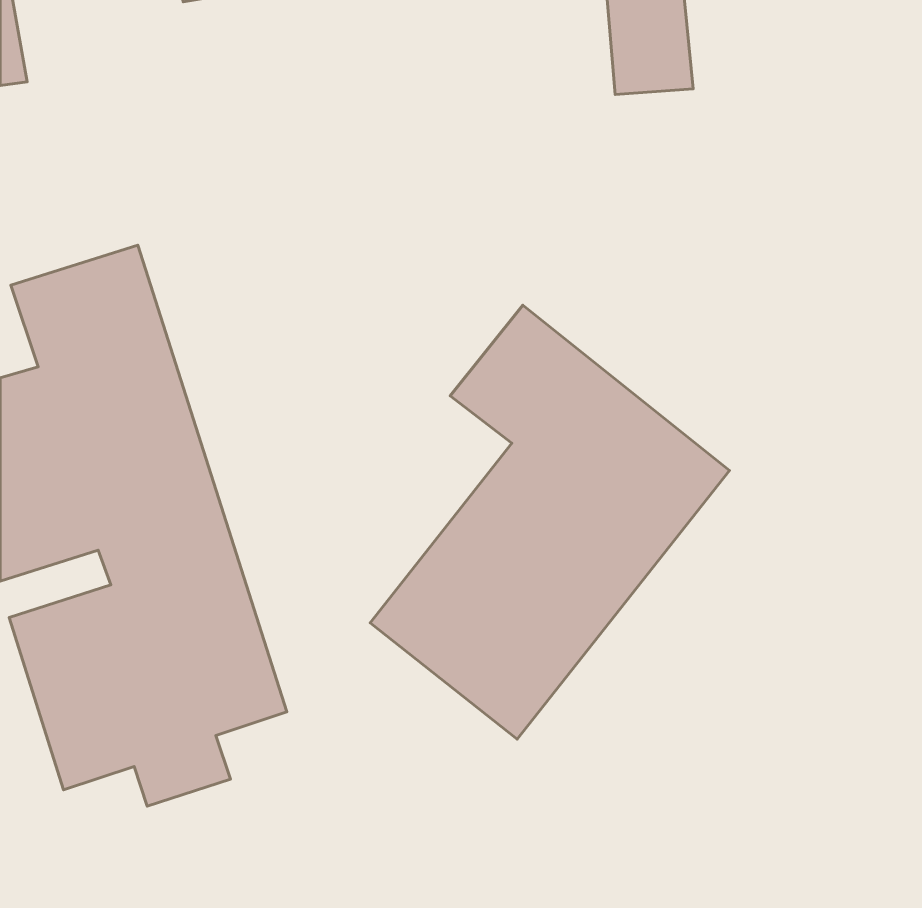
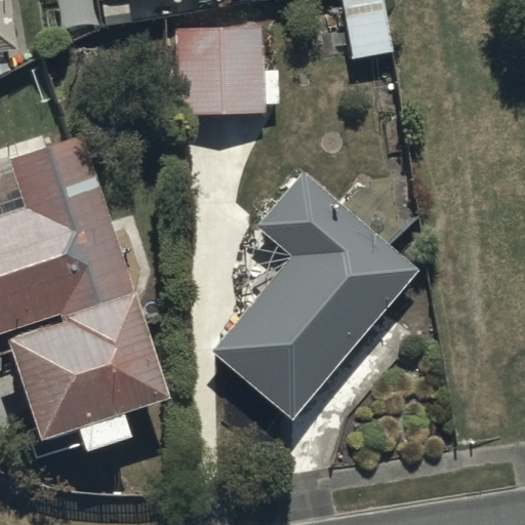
building: none -> [173,26,281,114]

